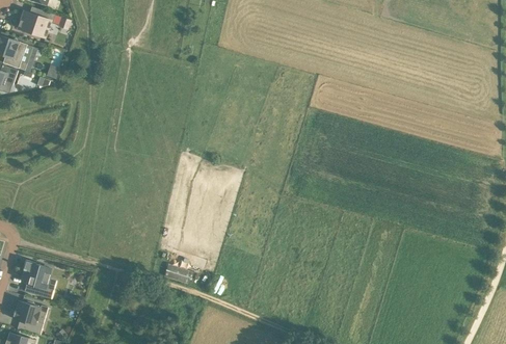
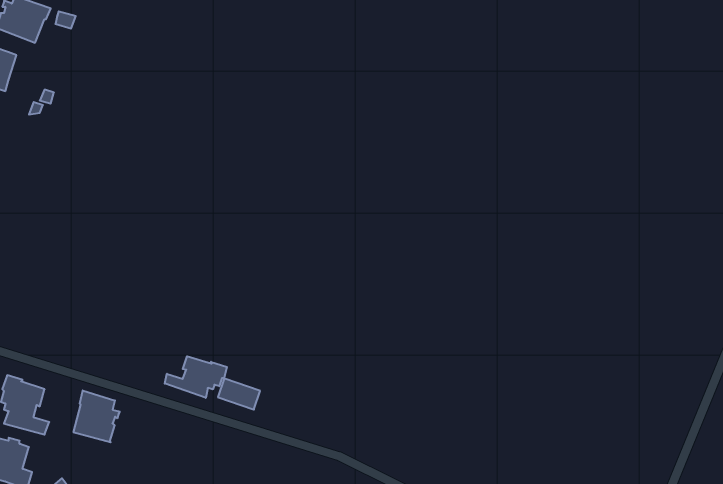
building: none -> [165,356,227,398]
building: none -> [74,390,120,442]

